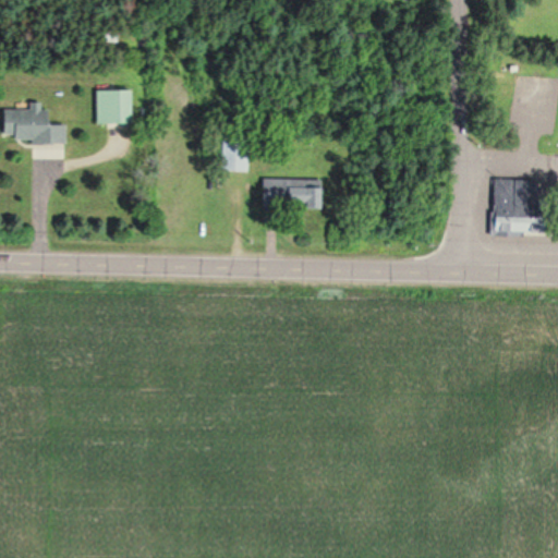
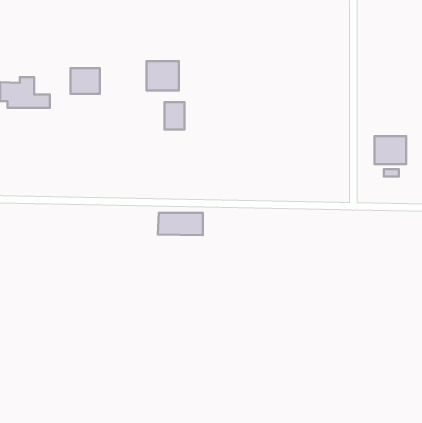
building: none -> [147,61,179,91]
building: [262,180,320,209] -> [158,213,203,235]

